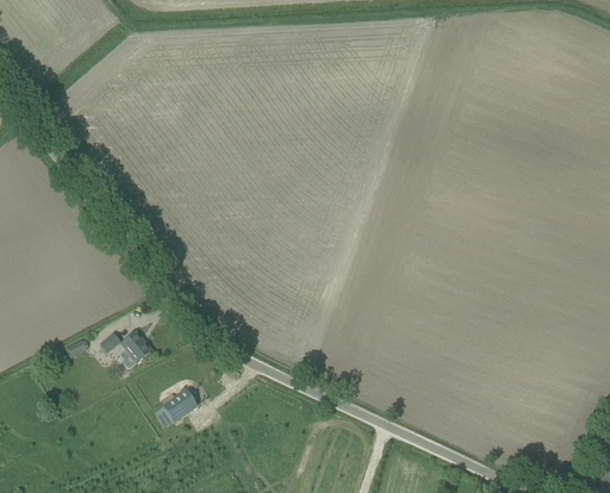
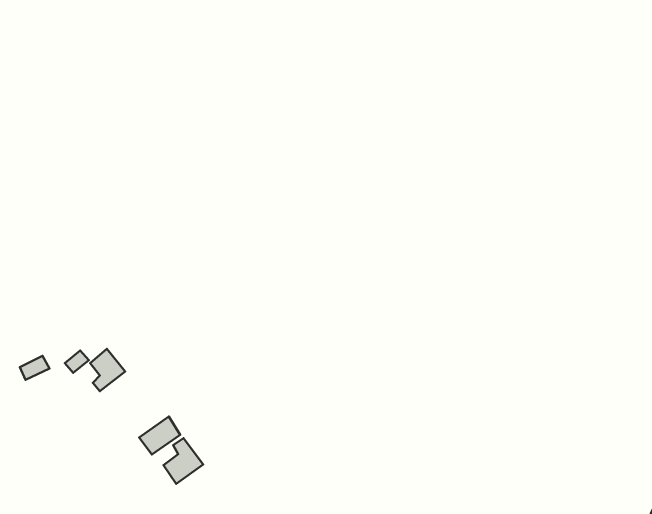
building: none -> [163,438,203,484]

